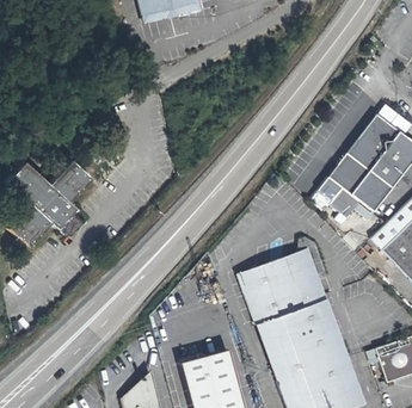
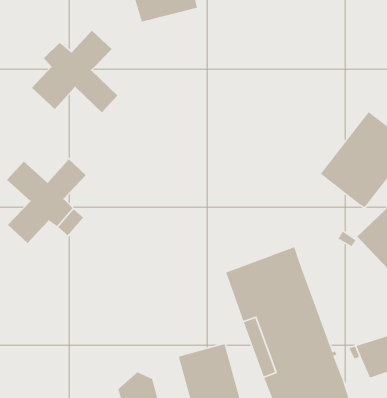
building: none -> [31,30,118,113]
building: [318,175,368,212] -> none

